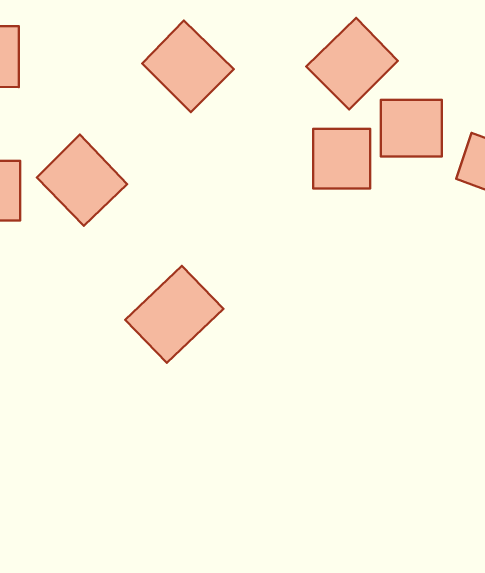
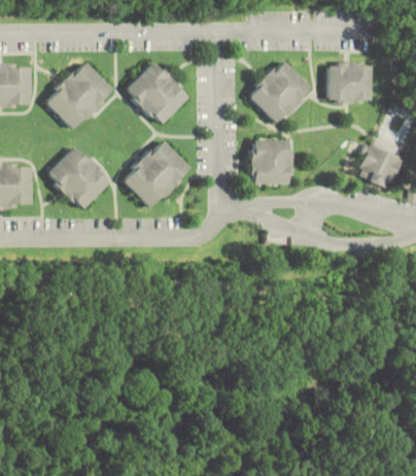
building: none -> [42,59,115,131]
building: [381,100,442,157] -> [326,61,372,103]
building: [125,266,224,363] -> [118,137,192,209]

